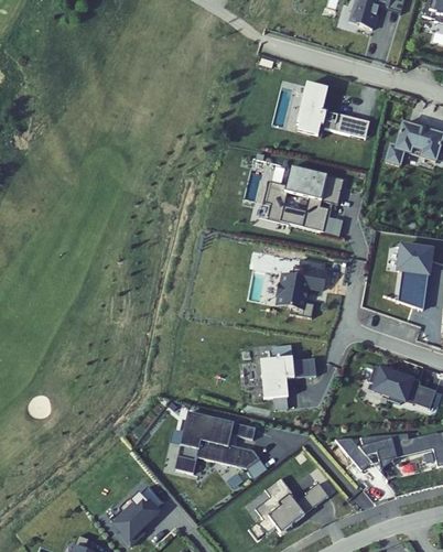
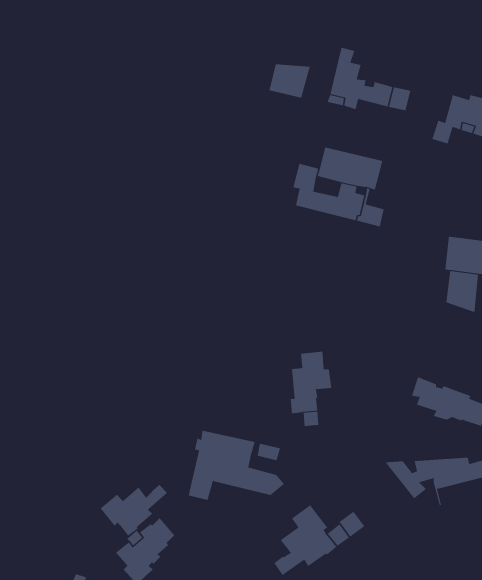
building: none -> [269,63,310,99]
building: [275,266,326,317] -> none
building: none -> [100,484,168,536]

